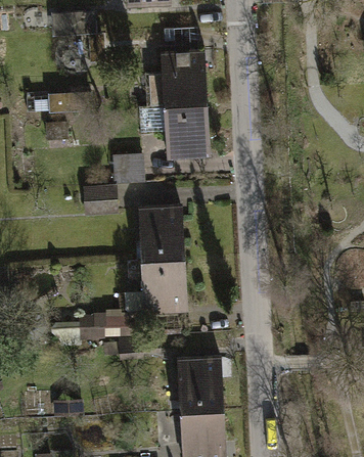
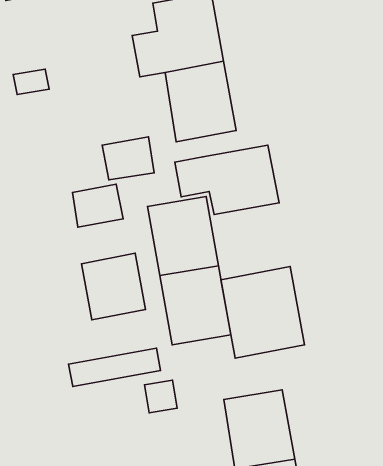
building: none -> [175,145,279,215]
building: none -> [81,253,145,320]
building: none -> [221,266,304,358]

